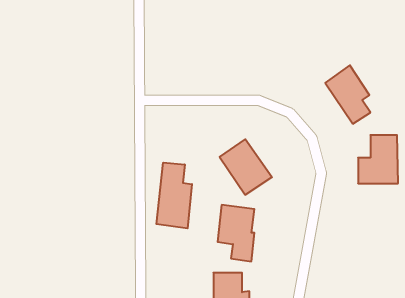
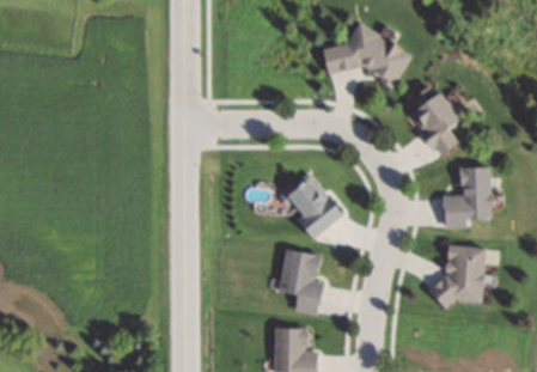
building: none -> [327,23,410,90]
building: [156,163,192,228] -> none
building: none -> [439,244,488,304]

